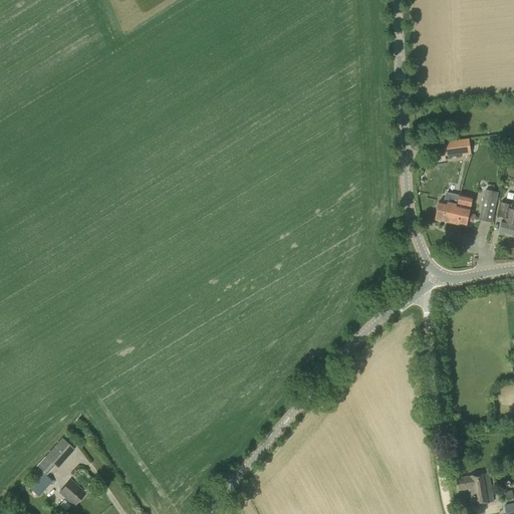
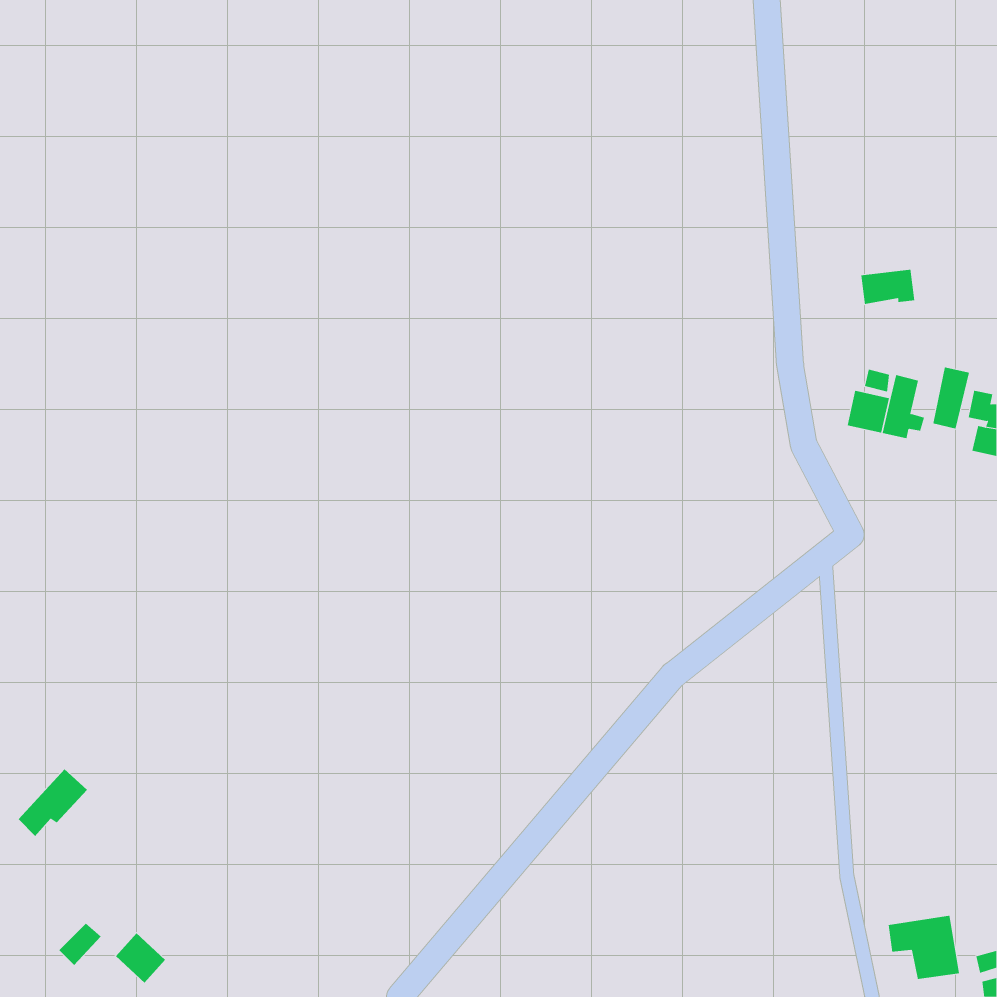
building: [37,439,73,474] -> [18,769,88,837]

